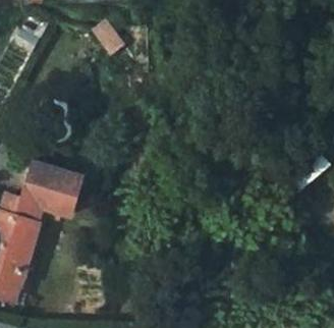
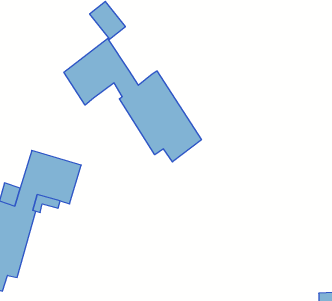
building: none -> [64,39,201,162]

